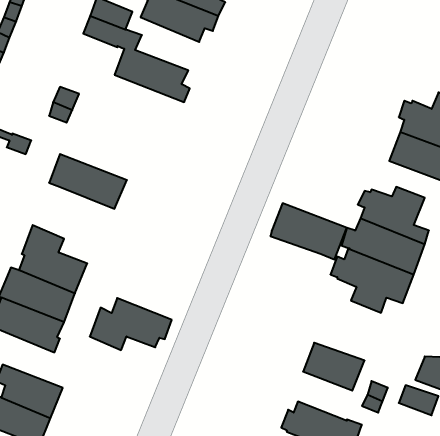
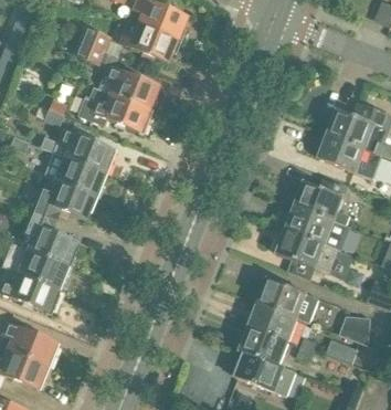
building: none -> [77,85,154,130]
building: none -> [40,128,116,172]
building: [270,203,347,259] -> [258,277,320,323]
building: [90,298,172,350] -> [31,178,97,220]
building: none -> [236,327,289,367]

